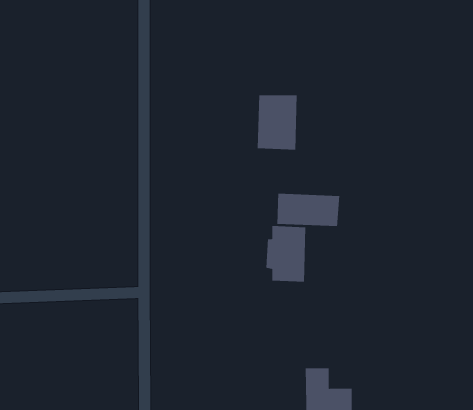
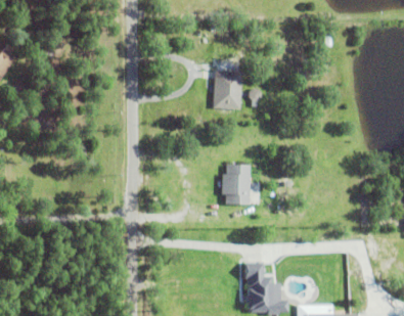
building: [277,193,340,227] -> none

